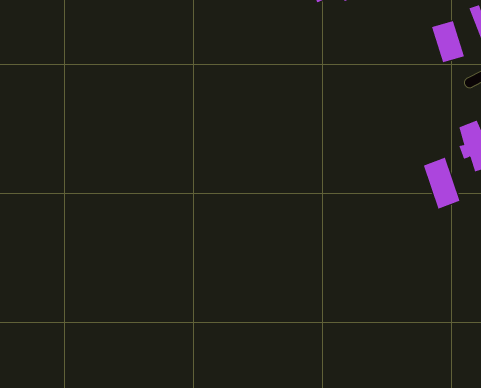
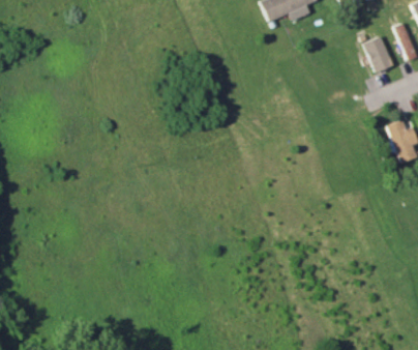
building: [423,157,460,209] -> none

